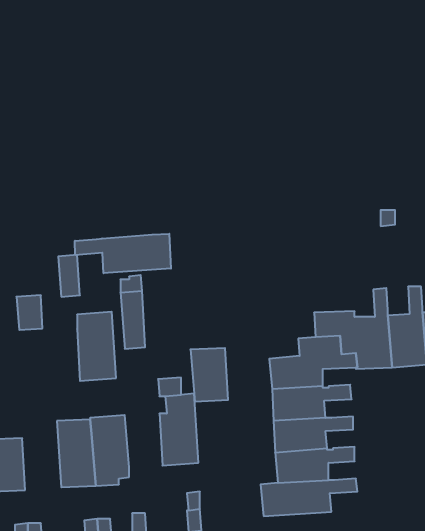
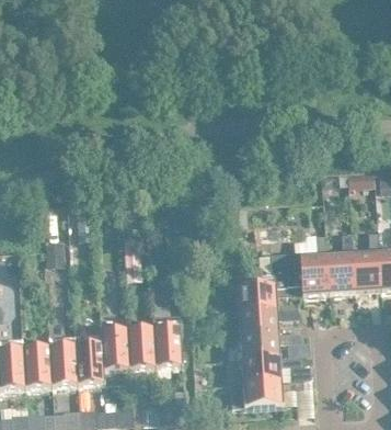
building: [75,234,171,273] -> none
building: [77,312,116,381] -> [49,332,79,385]
building: [190,348,228,401] -> [127,327,156,367]

